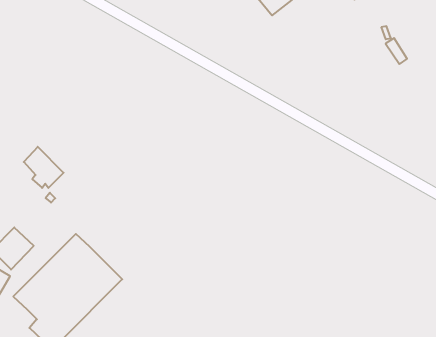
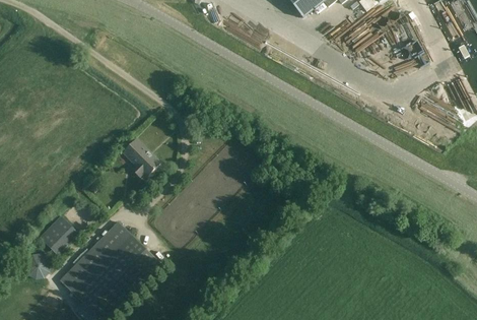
building: [24,147,64,188] -> [122,138,159,177]

